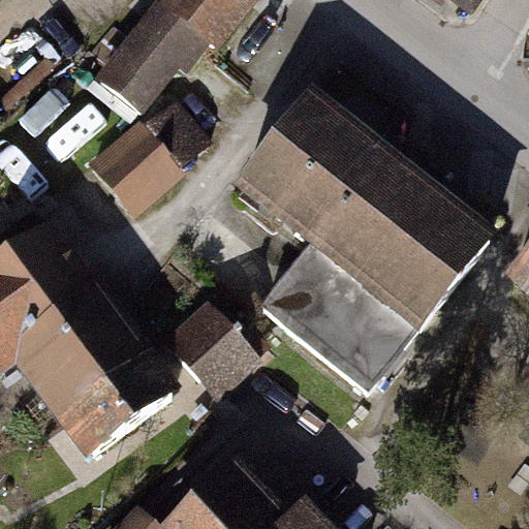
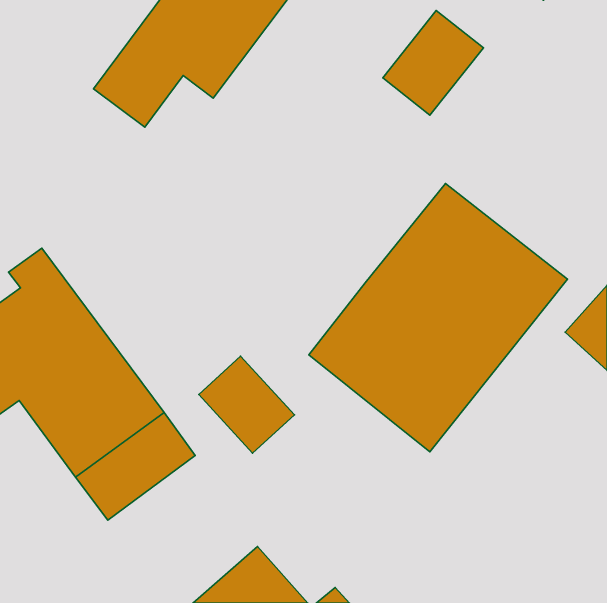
building: none -> [383,10,484,115]
building: [89,98,211,212] -> none
building: [241,98,384,244] -> none

